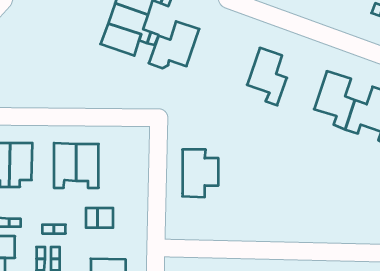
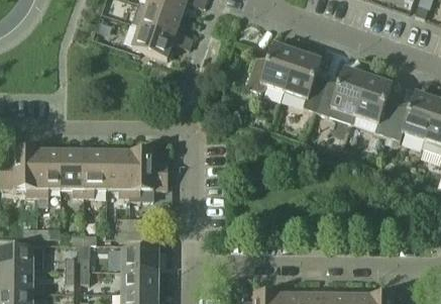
building: [149,21,199,68] -> [244,42,297,91]
building: none -> [315,67,366,122]
building: none -> [60,149,83,196]
building: [182,150,218,197] -> [129,150,167,200]
building: none -> [121,247,157,271]

